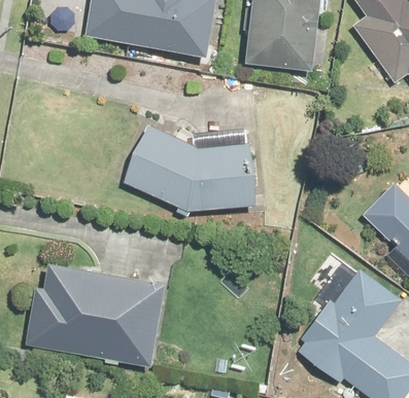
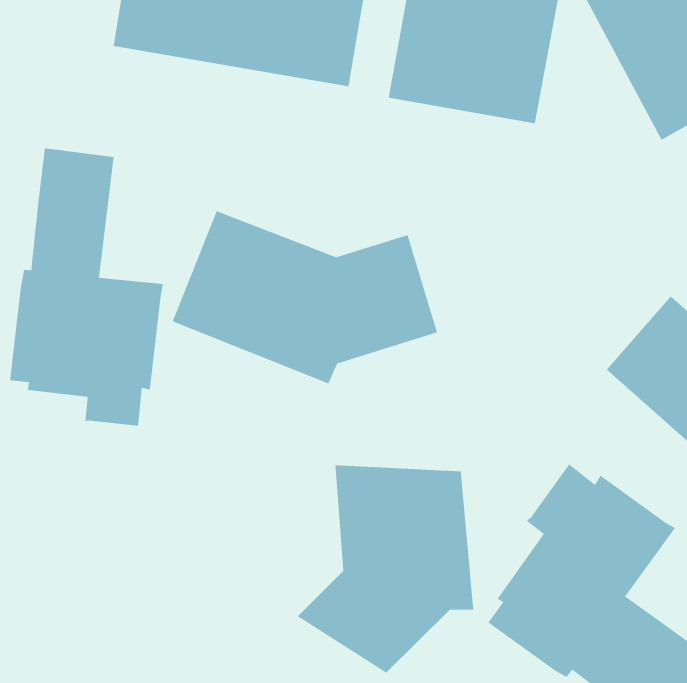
building: none -> [9,148,163,427]
building: [14,261,156,376] -> none
building: none -> [297,465,474,673]

